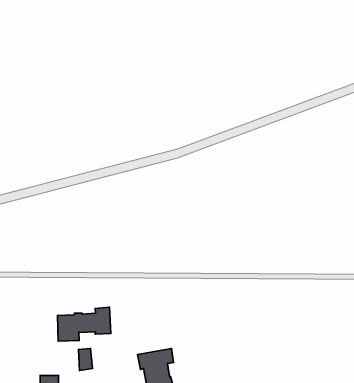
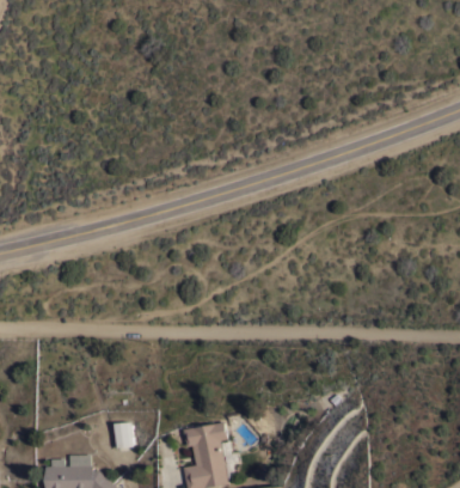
building: [57,307,111,341] -> none

